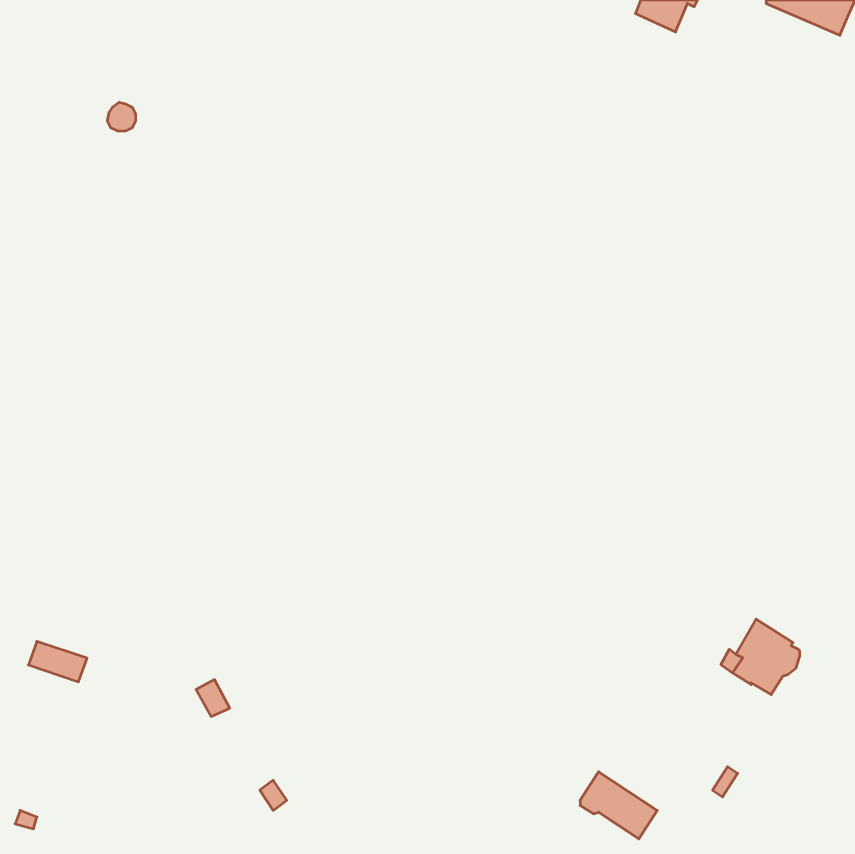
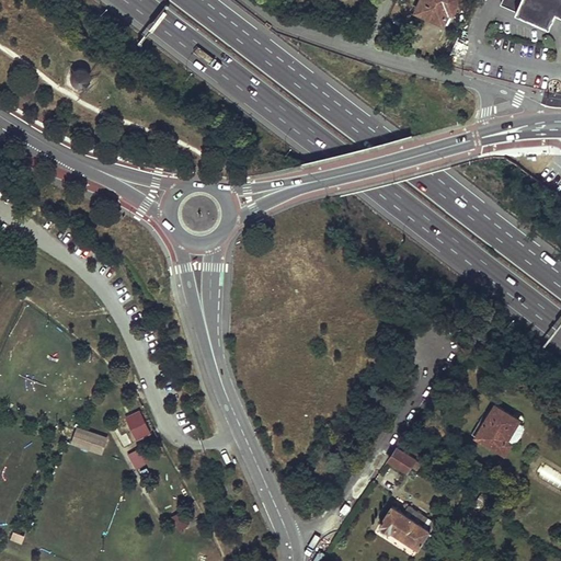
building: none -> [125,410,151,440]
building: [28,641,87,682] -> [69,428,107,455]
building: none -> [388,444,421,472]

